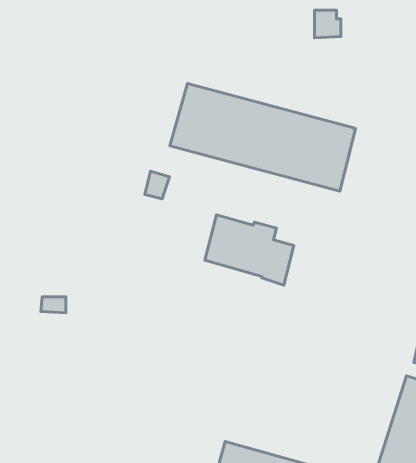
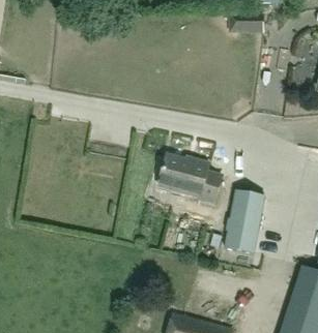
building: [170,83,355,191] -> none
building: none -> [225,189,265,253]

